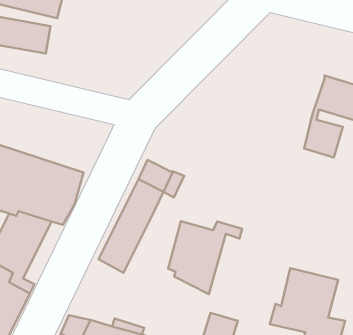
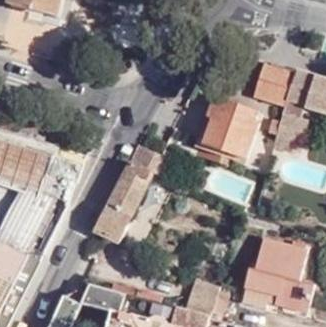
building: none -> [253,63,293,105]
building: none -> [202,98,259,159]
building: [168,221,242,294] -> none

